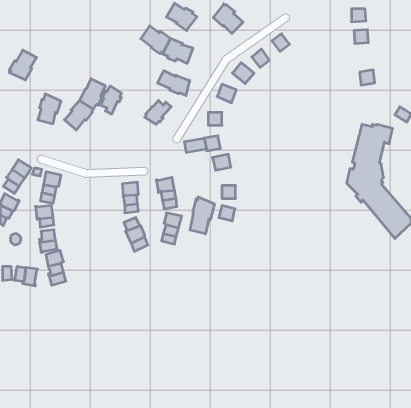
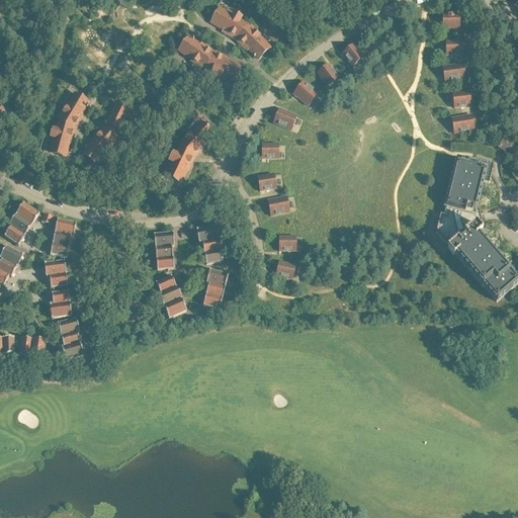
building: [213,4,243,33] -> [235,21,272,59]
building: none -> [442,61,465,81]
building: [9,50,37,80] -> [57,90,91,127]
building: [158,71,190,96] -> none
building: [101,86,121,114] -> [170,148,196,183]
building: none -> [450,112,474,133]
building: [184,138,206,153] -> none
building: [190,197,214,234] -> none

